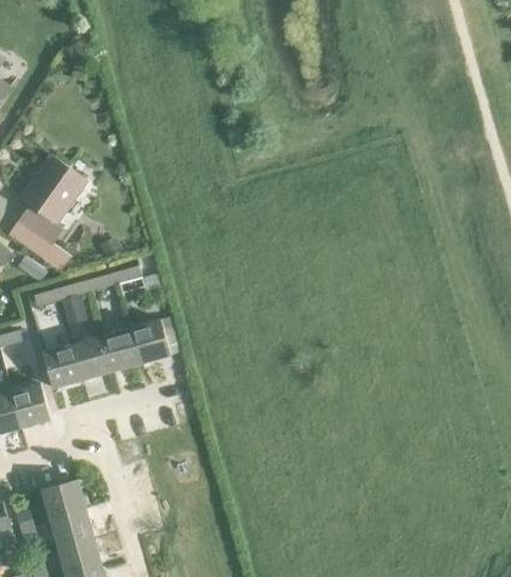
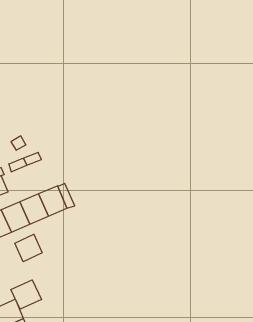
building: none -> [15,234,42,262]
building: none -> [11,280,41,309]

